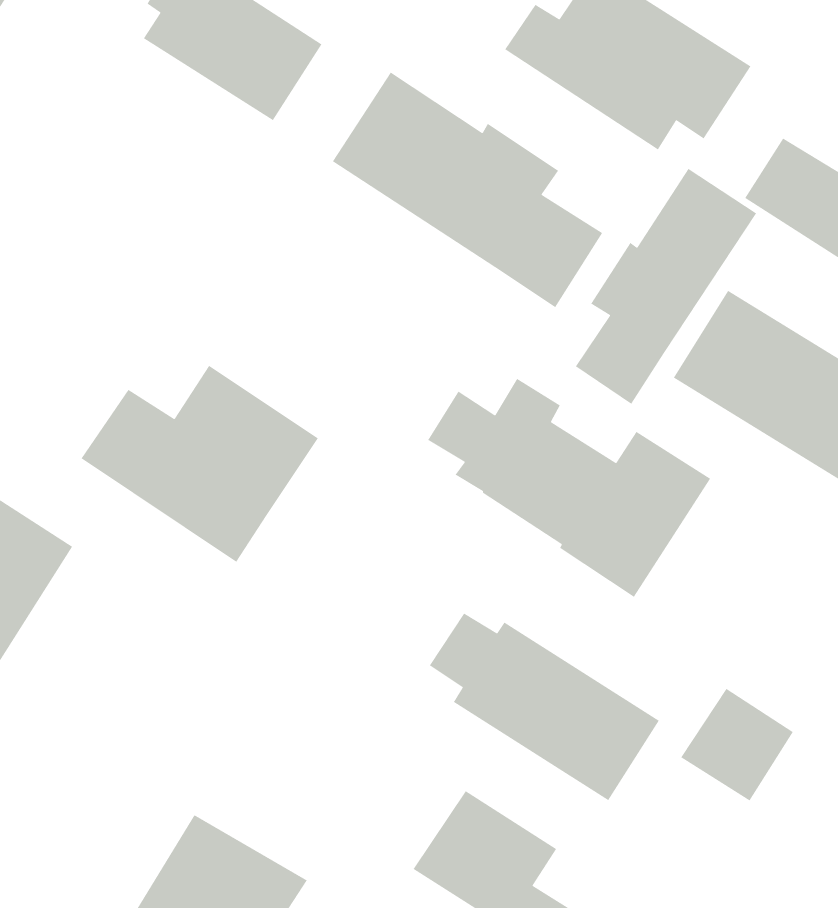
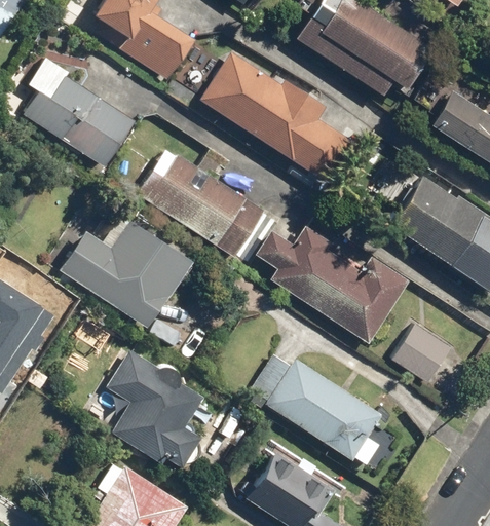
building: none -> [25,57,136,165]
building: [575,168,757,405] -> none
building: none -> [141,150,266,260]
building: none -> [107,349,203,469]
building: [680,688,794,801] -> [389,322,453,385]

